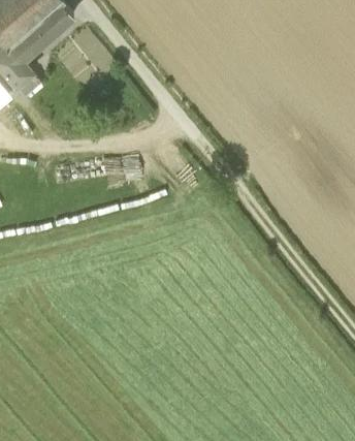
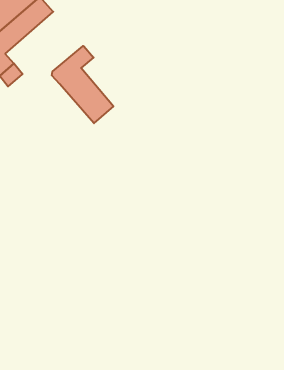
building: none -> [52,46,113,123]

